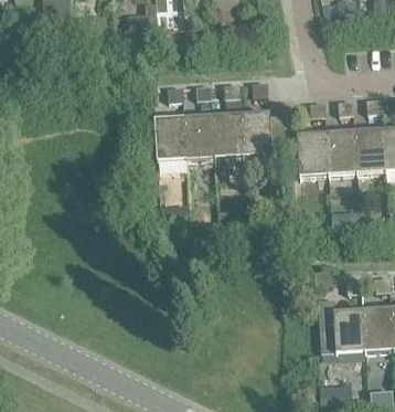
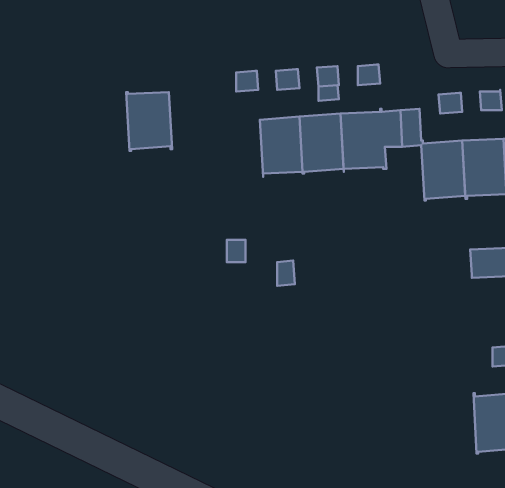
building: [154,118,186,159] -> [126,92,172,151]

